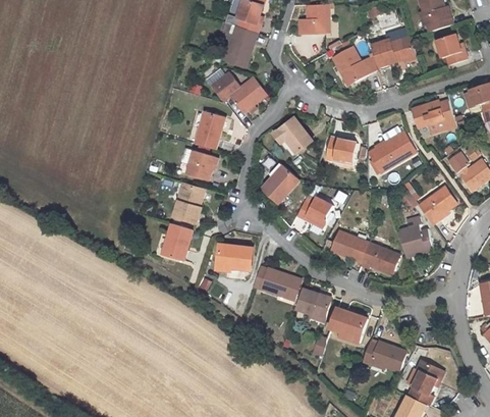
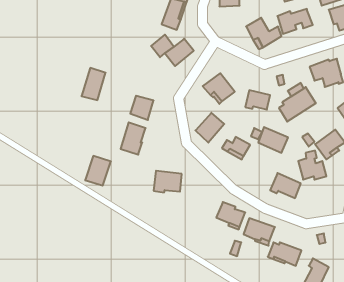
building: [195,106,225,147] -> [81,68,106,100]
building: [160,221,193,259] -> [85,156,111,186]
building: [333,232,371,265] -> [258,127,288,153]
building: [253,260,302,295] -> none

